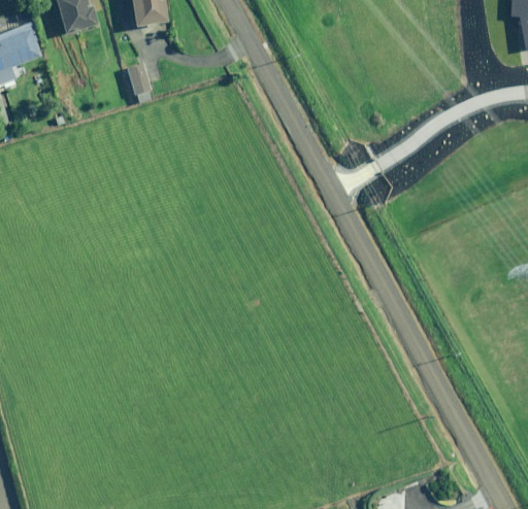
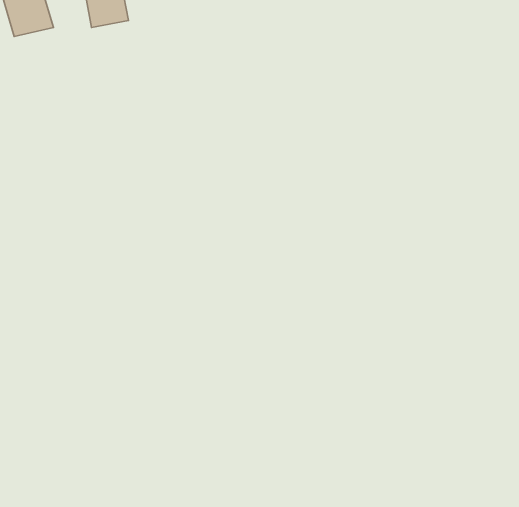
building: [125,63,152,95] -> none

